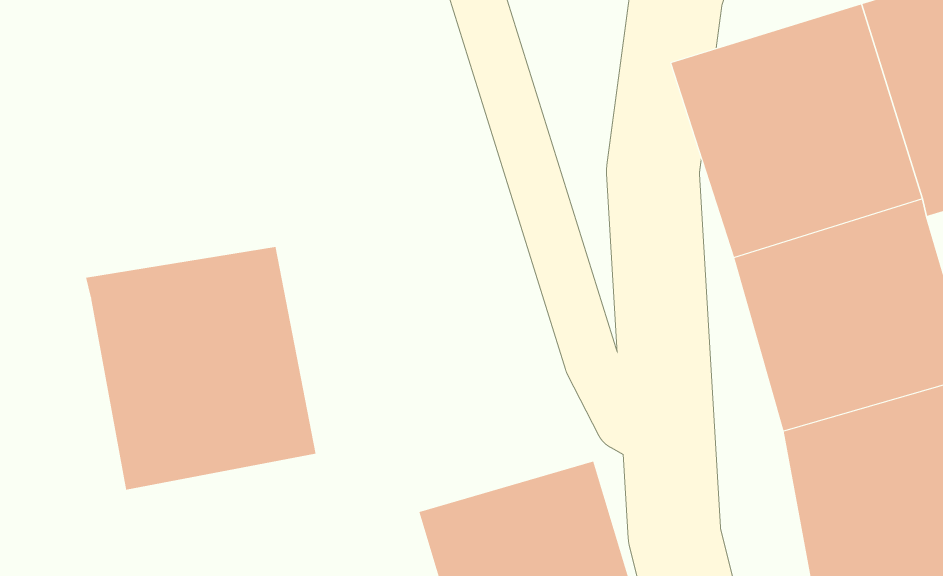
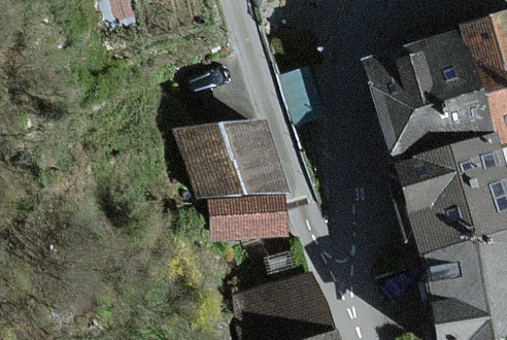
building: none -> [192,120,291,238]
building: [85,246,316,490] -> none

